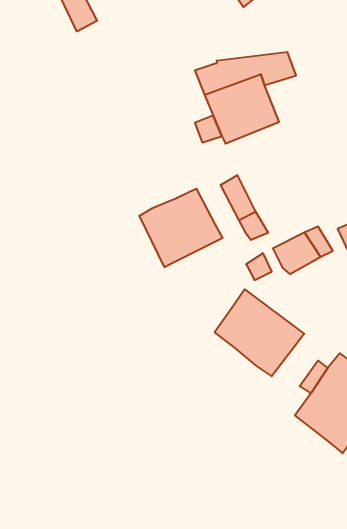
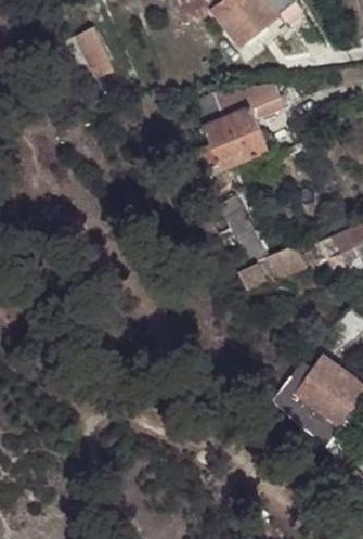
building: [139,189,223,267] -> none
building: [215,289,304,376] -> none

